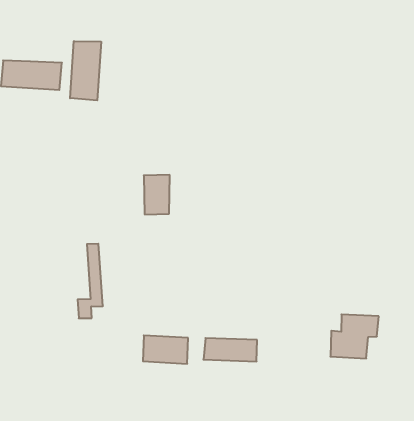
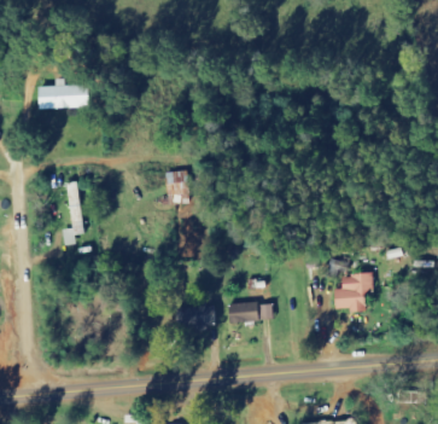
building: [70,41,101,100] -> none
building: [78,244,103,318] -> [63,181,84,245]

